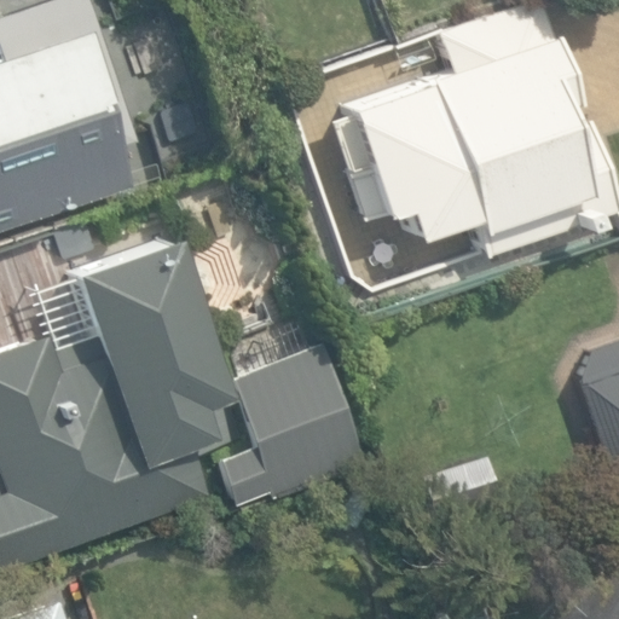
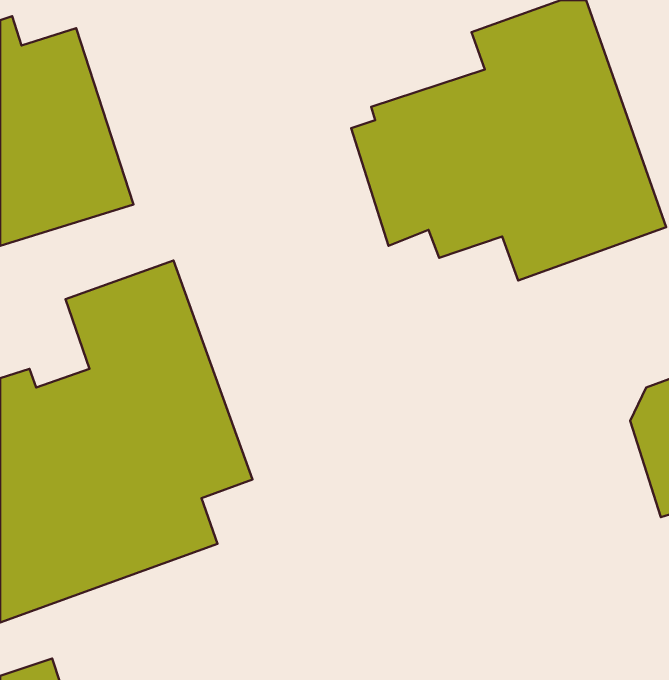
building: [212,343,369,504] -> none

